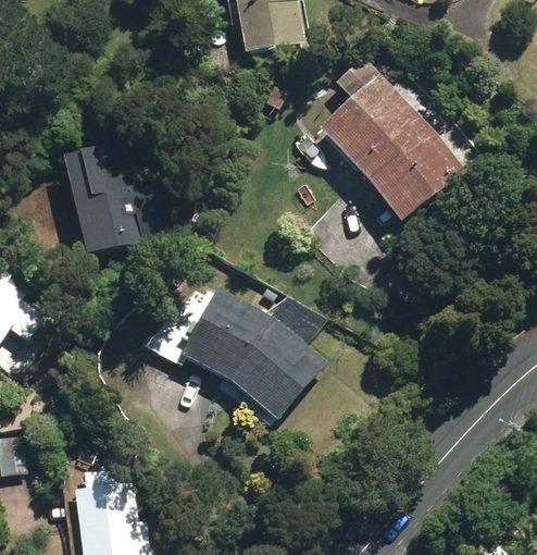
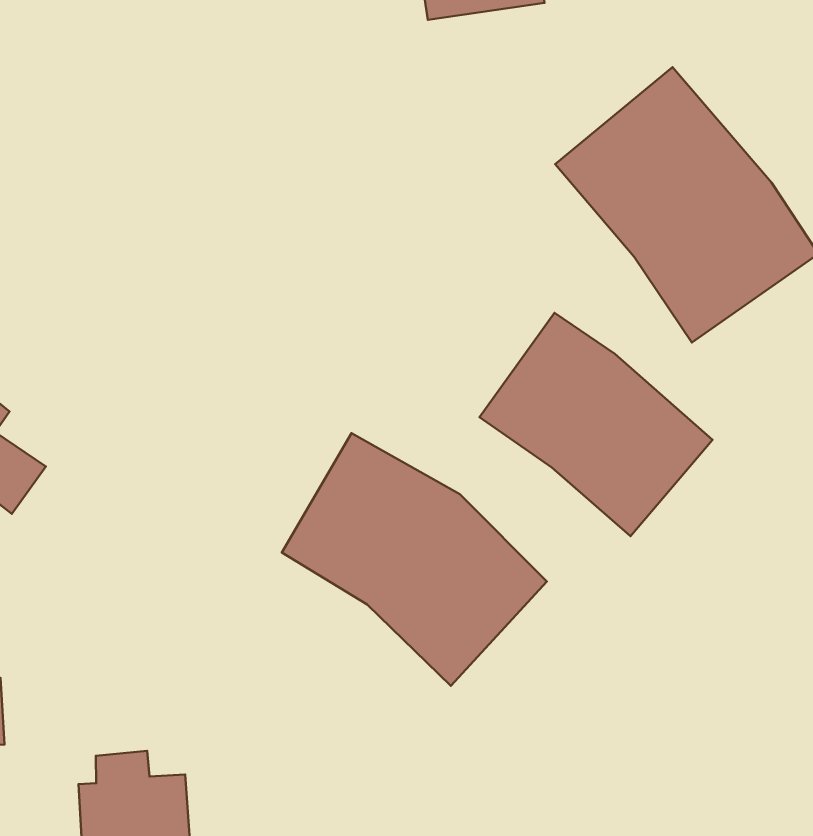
building: [61,141,168,255] -> none
building: none -> [479,313,713,536]

